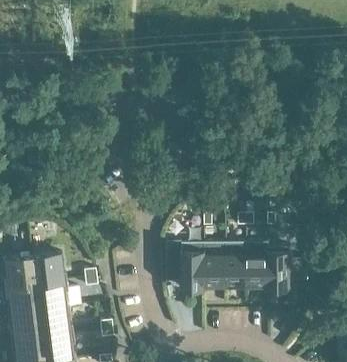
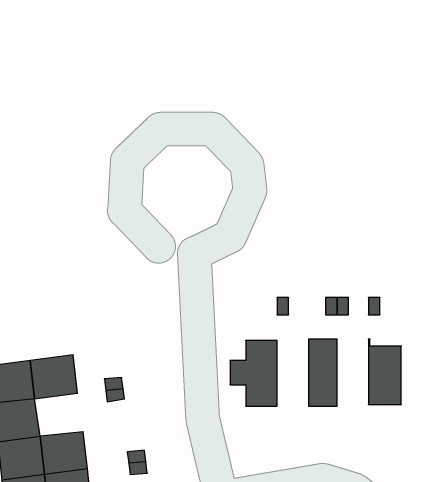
building: [205,243,227,290] -> none
building: [247,243,269,290] -> none
building: [35,281,69,311] -> none

